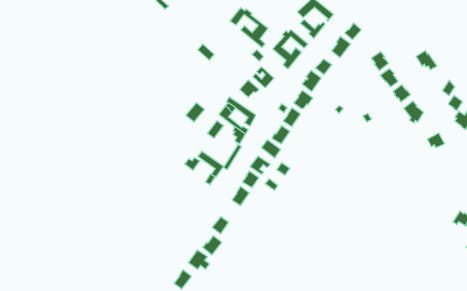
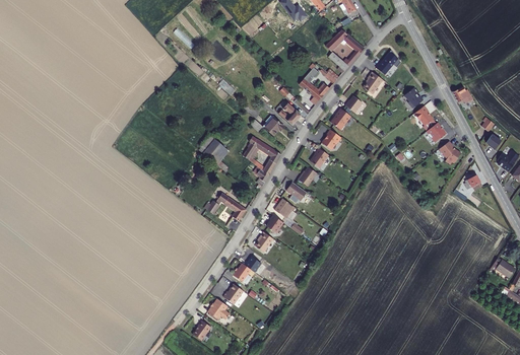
building: [230,8,268,47] -> none

